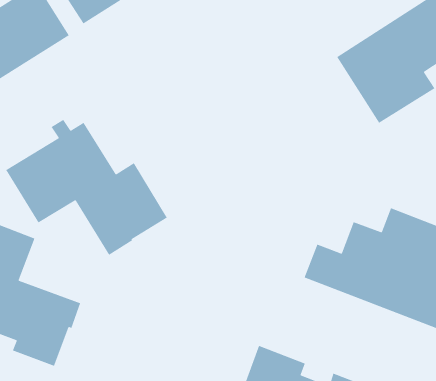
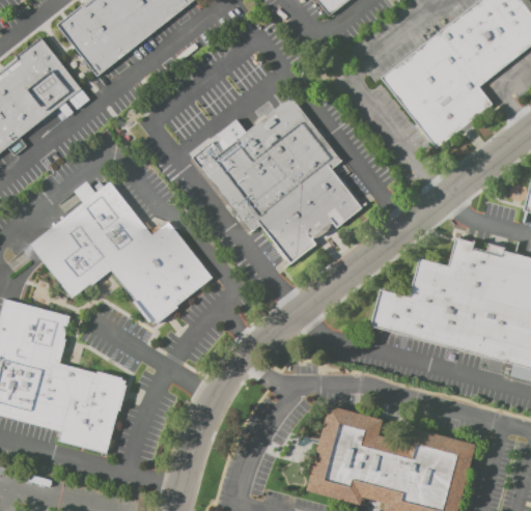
building: none -> [189,94,363,264]

